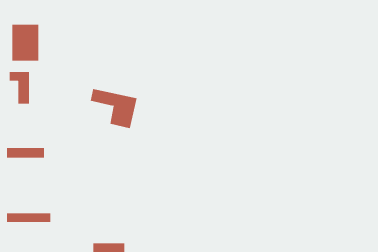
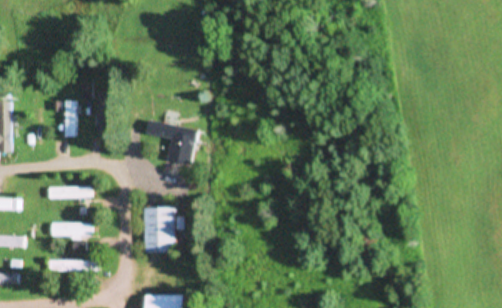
building: [12,24,39,61] -> none
building: none -> [146,207,176,252]
building: none -> [53,222,96,237]

